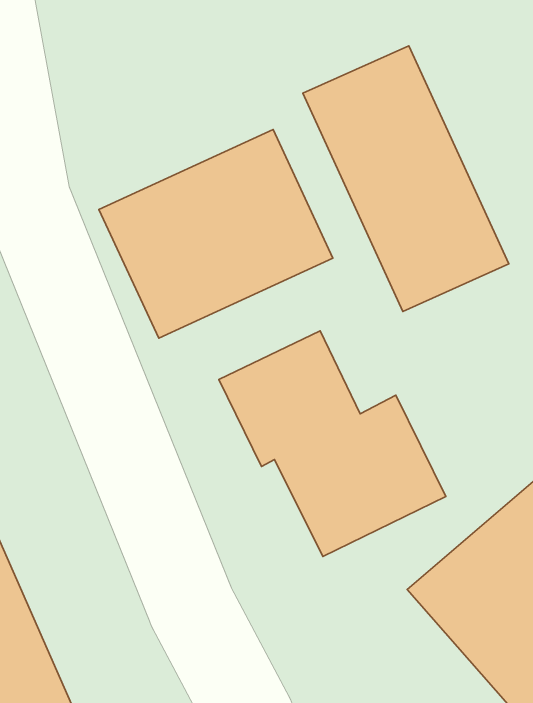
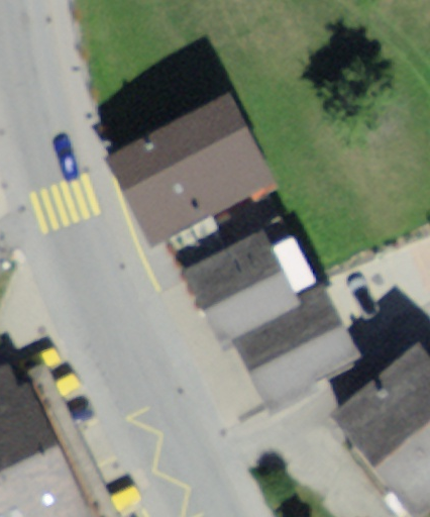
building: [303,46,509,311] -> none

